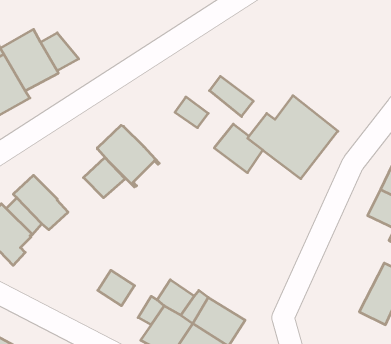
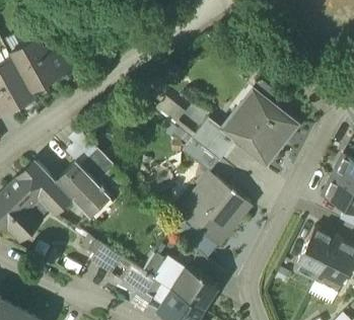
building: [209,76,253,117] -> [183,141,220,175]
building: [97,125,159,187] -> [58,165,111,218]
building: none -> [183,177,252,247]
building: none -> [294,228,337,281]

